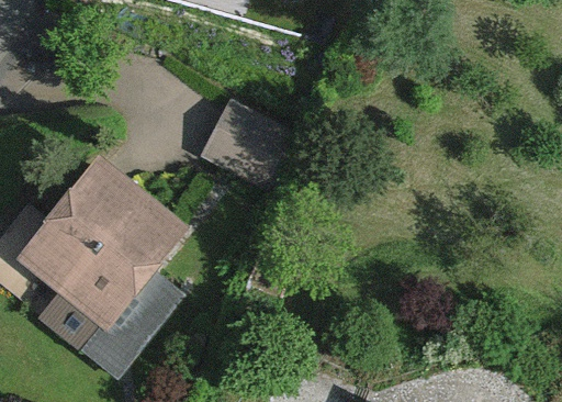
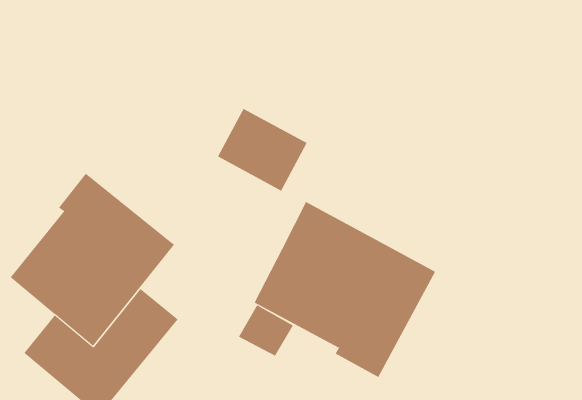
building: none -> [254,201,436,378]

